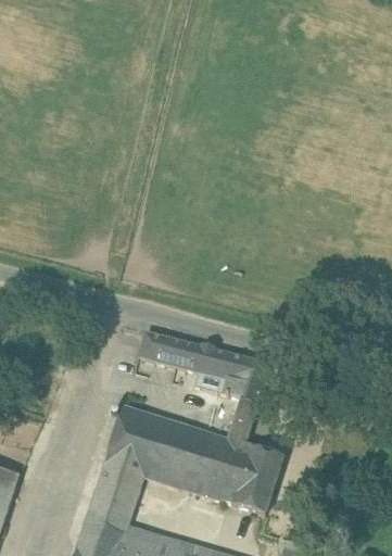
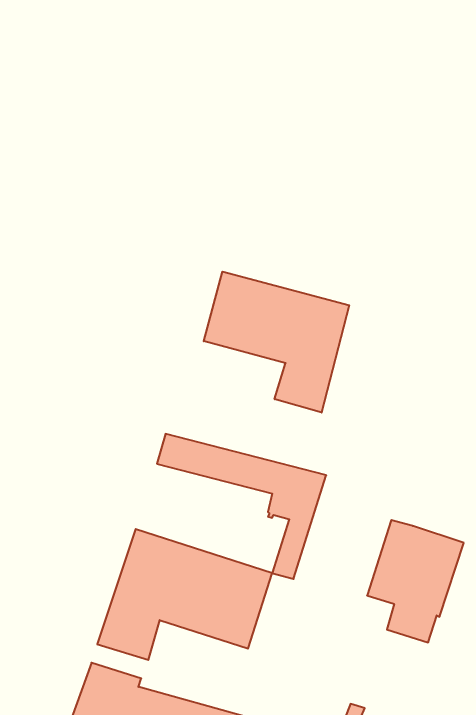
building: none -> [204,272,349,413]
building: [210,439,283,532] -> [367,520,464,642]

